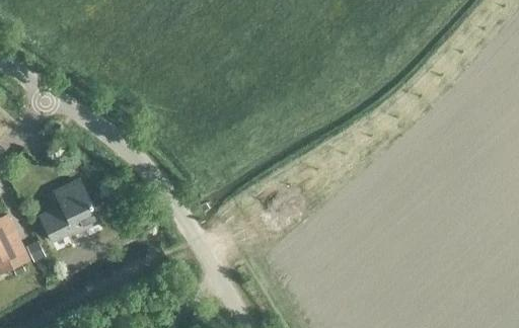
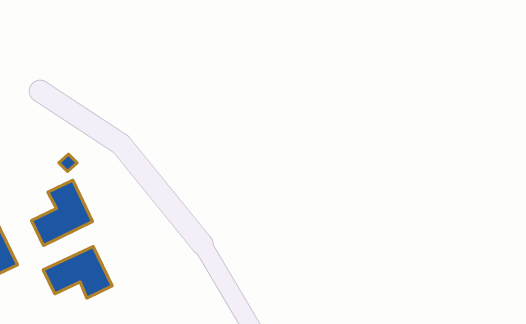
building: none -> [43,246,112,298]

